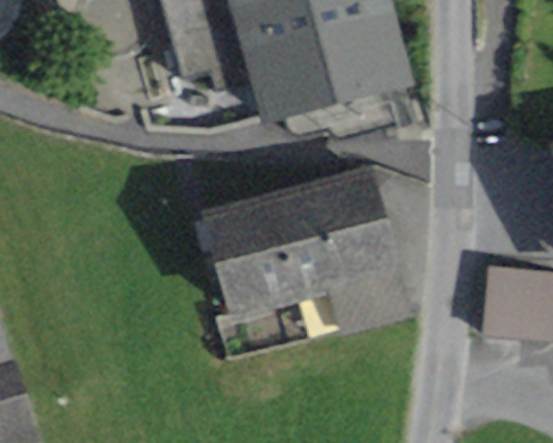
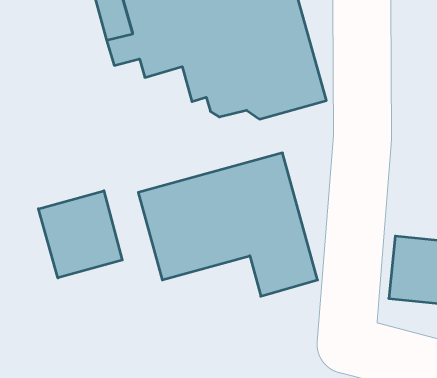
building: none -> [38,191,122,278]

